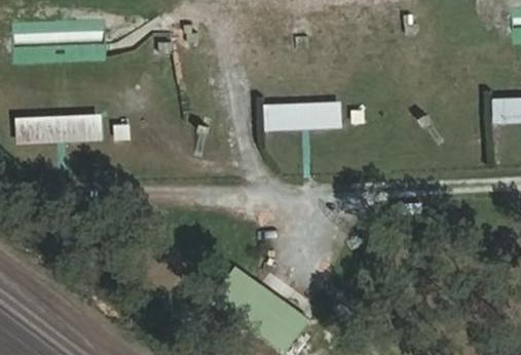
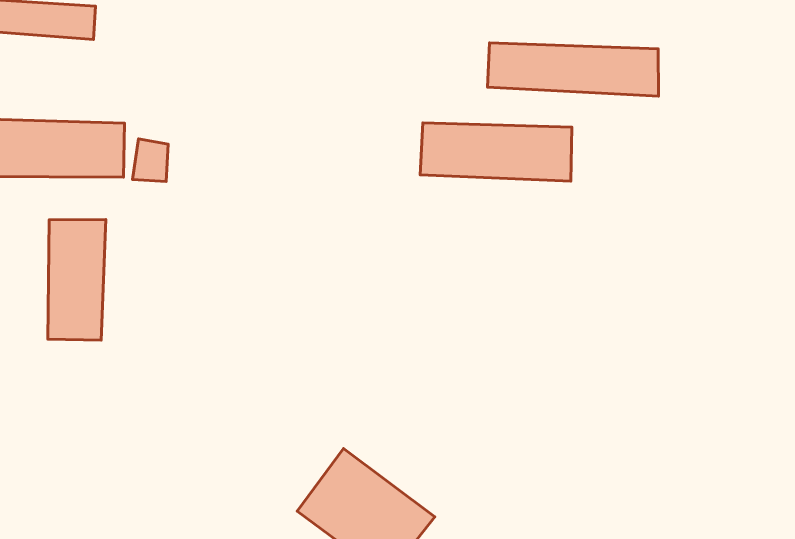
building: none -> [488,43,658,96]
building: none -> [48,219,106,340]

